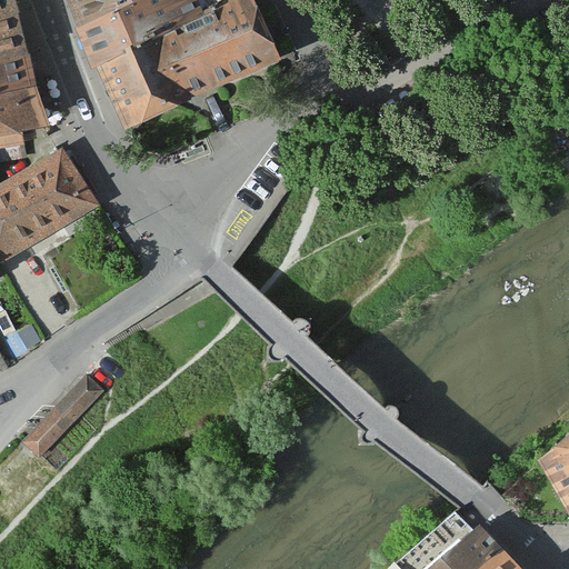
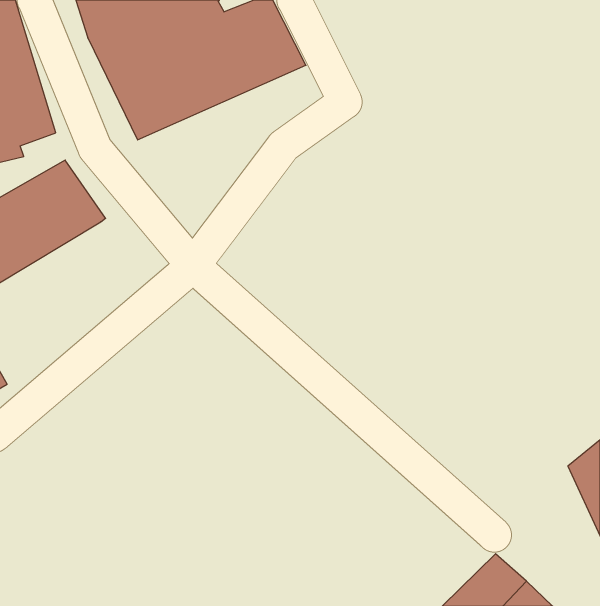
building: [17,371,99,455] -> none

